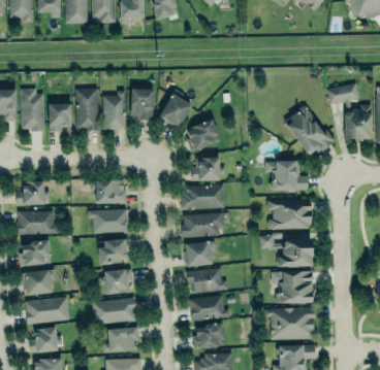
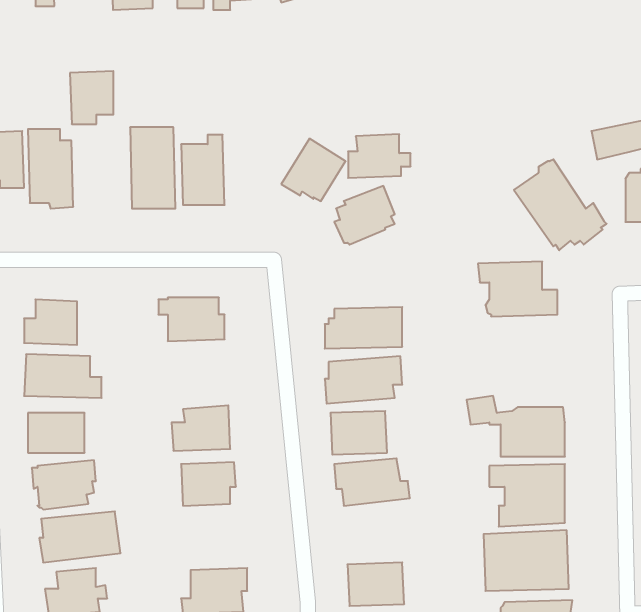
building: [130,89,154,121] -> none
building: [47,103,71,132] -> [70,71,113,124]
building: [191,158,225,181] -> [348,134,411,178]
building: [266,201,311,229] -> none
building: [88,209,127,233] -> none
building: [189,297,229,321] -> none
building: [92,298,137,325] -> none

